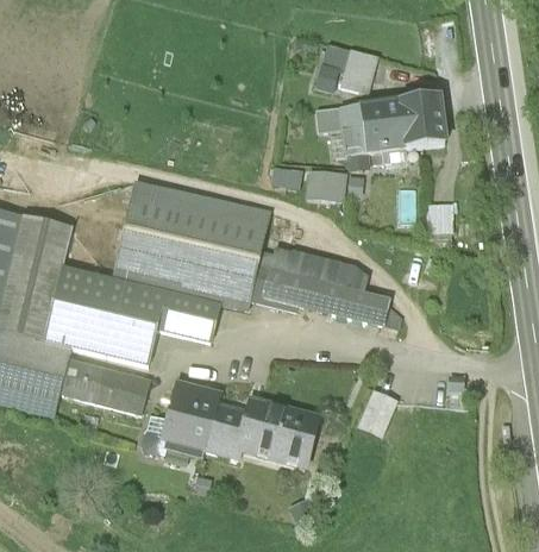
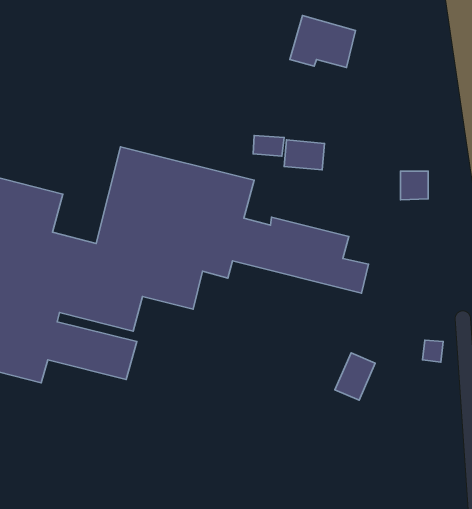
building: [313,92,446,156] -> none
building: [140,380,321,471] -> none

